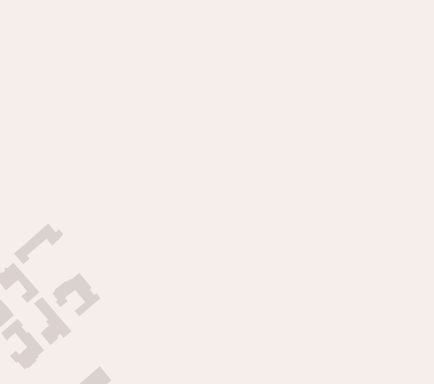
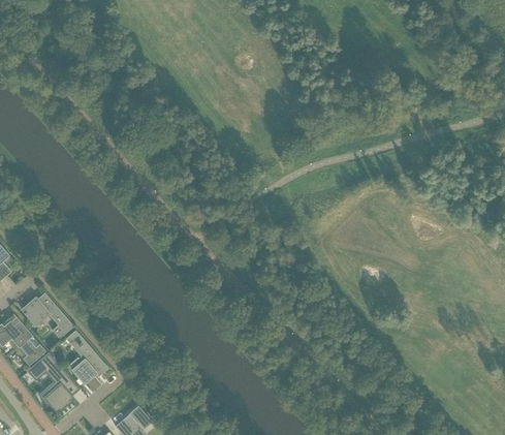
building: [13,219,64,265] -> none
building: [51,272,101,317] -> none

